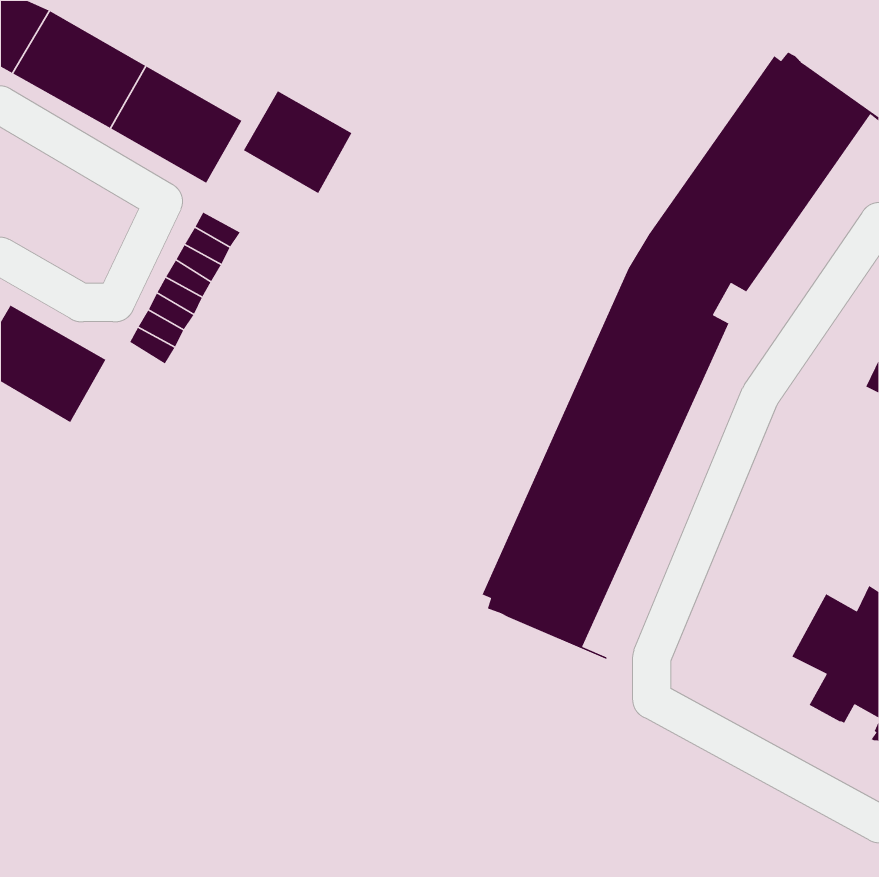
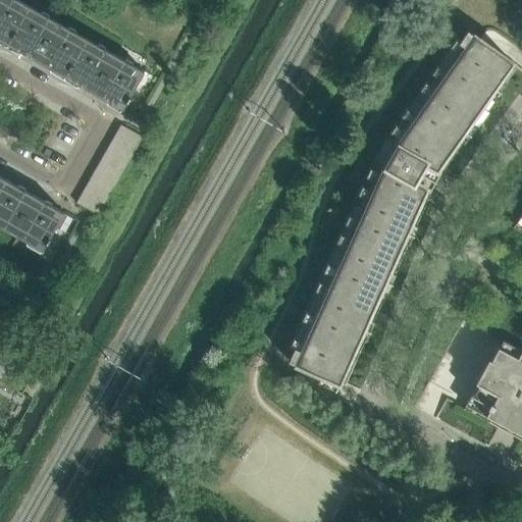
building: [243,90,352,194] -> none

